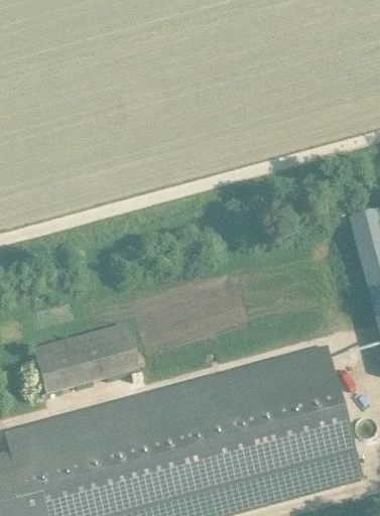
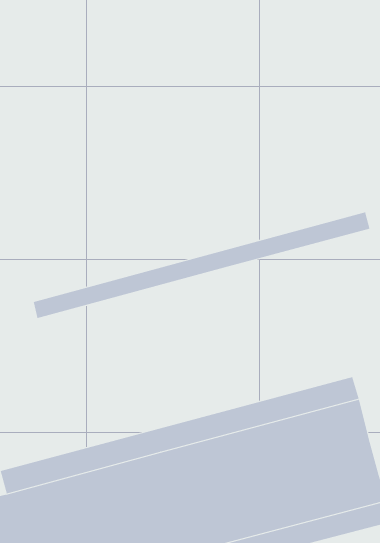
building: none -> [33,211,370,319]
building: [34,324,140,396] -> none

